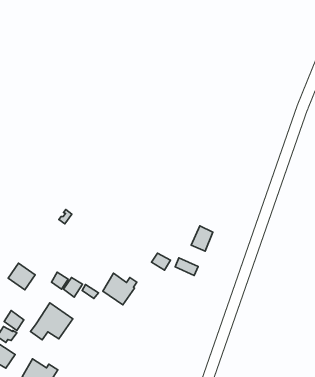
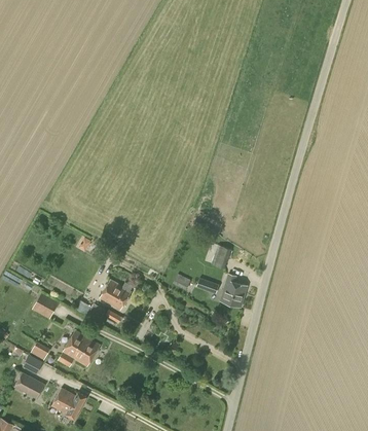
building: none -> [219,273,248,308]
building: [103,273,137,305] -> [100,279,133,310]

